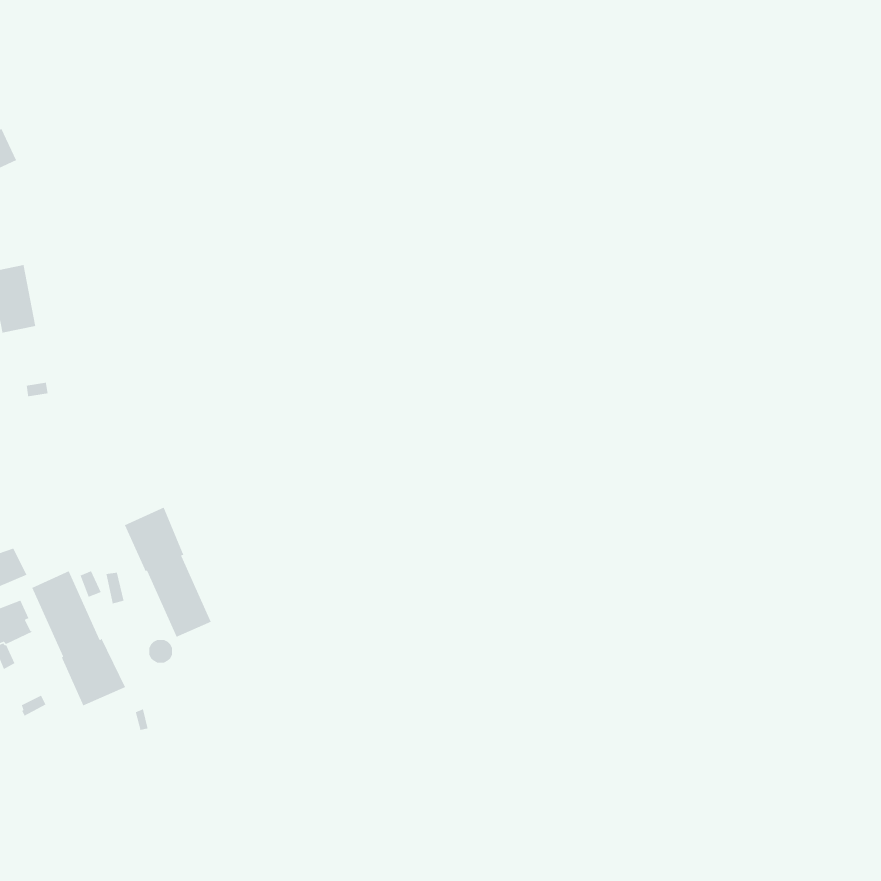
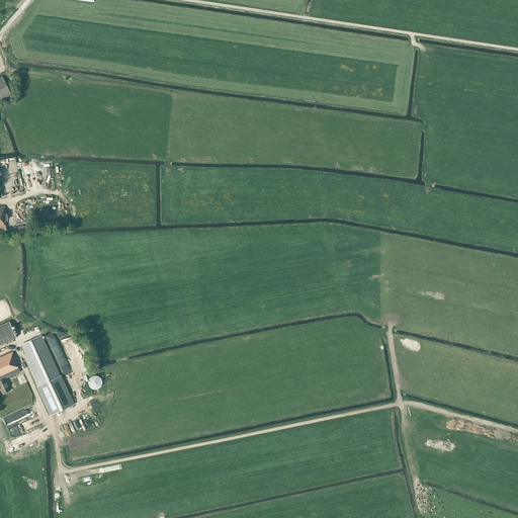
building: [124,506,212,638] -> none

